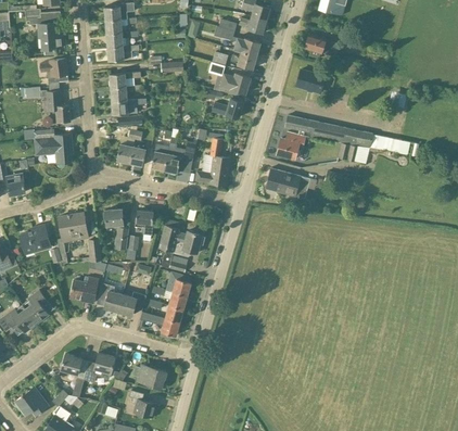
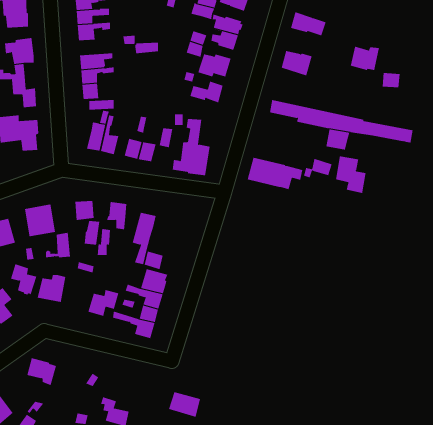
building: none -> [350,46,379,71]
building: [276,131,309,160] -> none
building: none -> [336,155,366,194]
building: [175,231,203,257] -> none
building: [97,282,122,312] -> [10,263,37,295]
building: [82,352,114,382] -> none
building: [135,365,165,389] -> [168,392,201,417]

